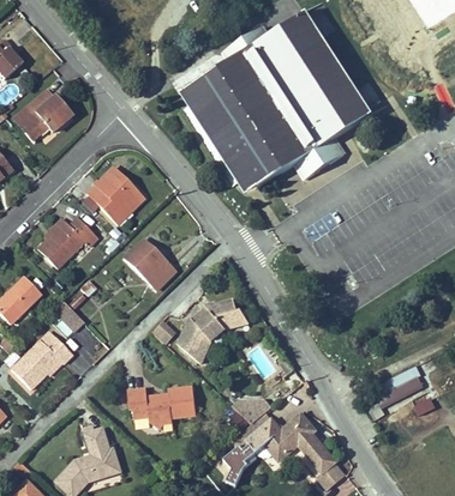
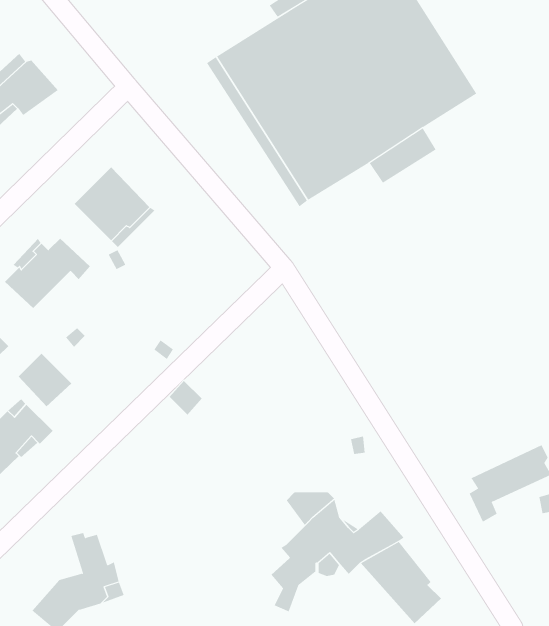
building: [125,236,180,290] -> none
building: [178,295,251,363] -> none
building: [127,385,196,428] -> none

